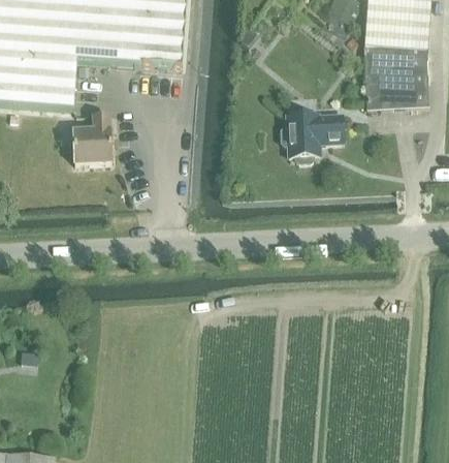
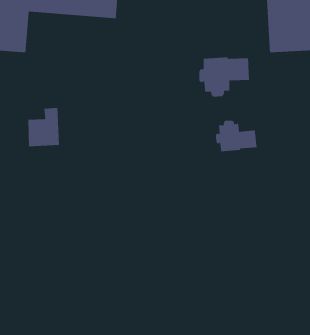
building: [72,114,111,162] -> [27,107,60,147]
building: none -> [215,120,257,152]

